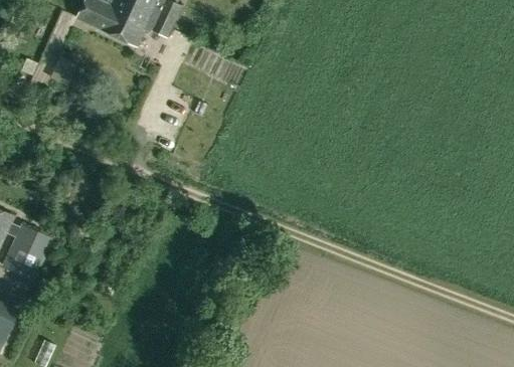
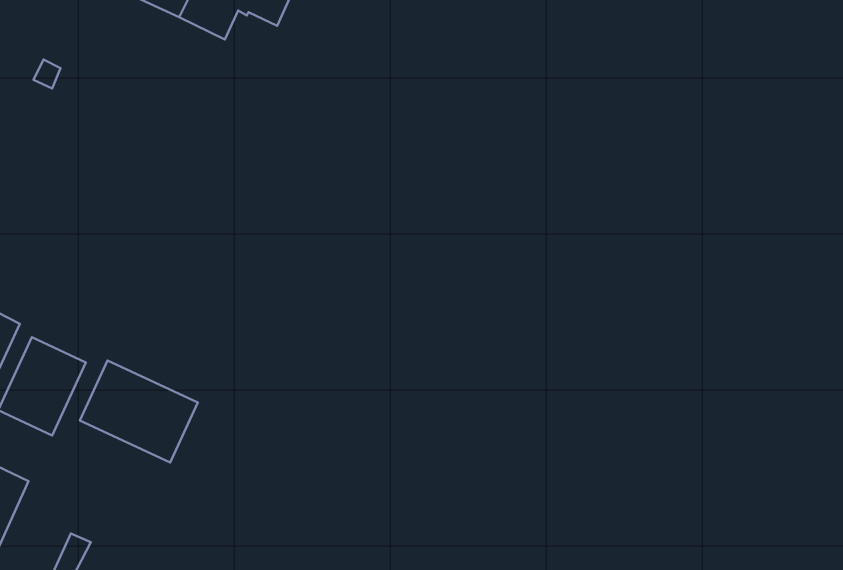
building: none -> [80,360,198,463]

